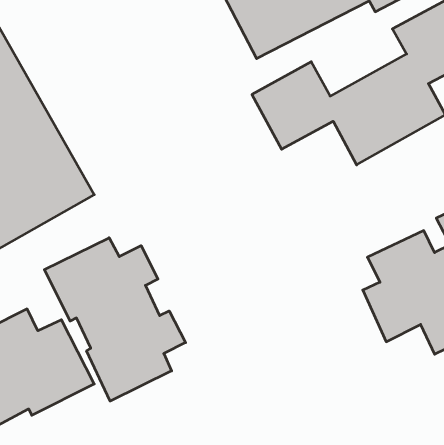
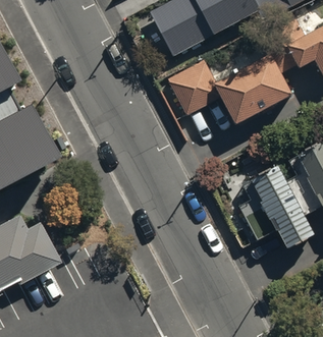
building: [44,238,186,401] -> none

